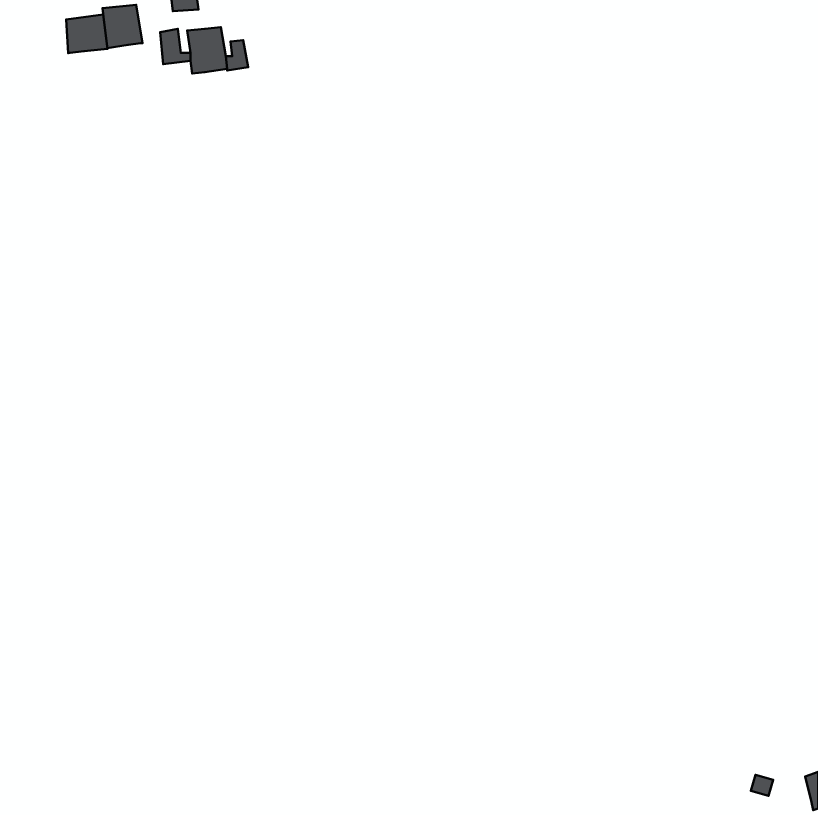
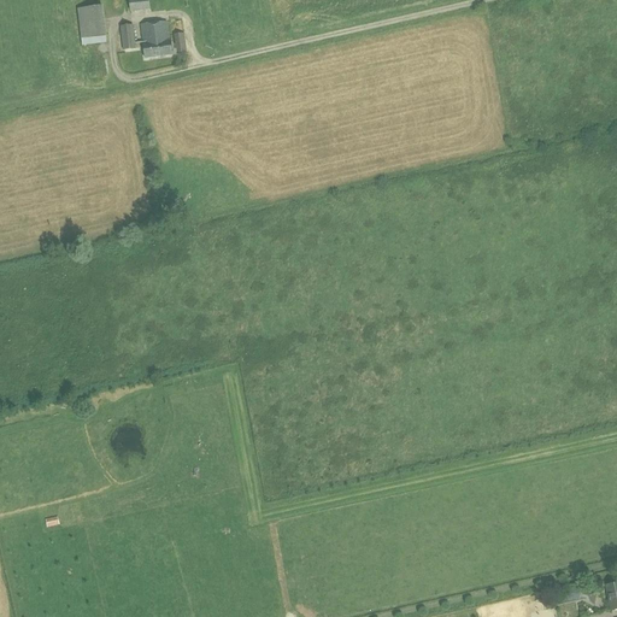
building: [66,14,107,53] -> none

